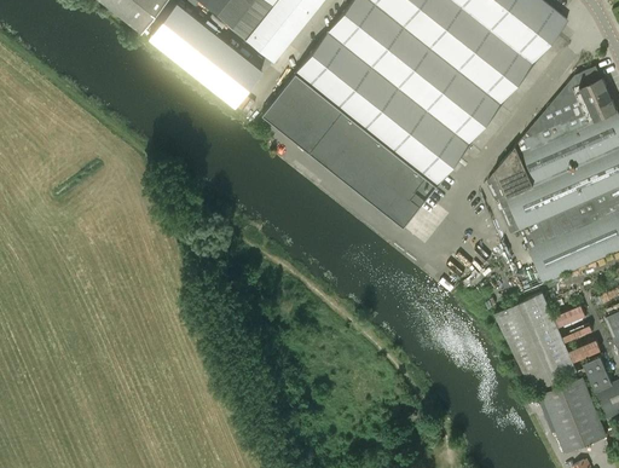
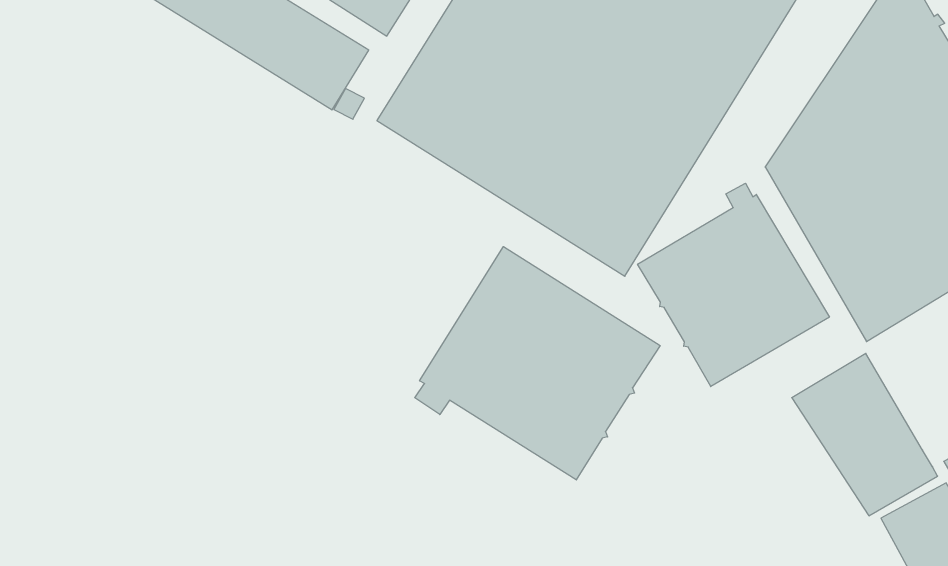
building: none -> [638,183,829,387]
building: none -> [415,247,660,480]

